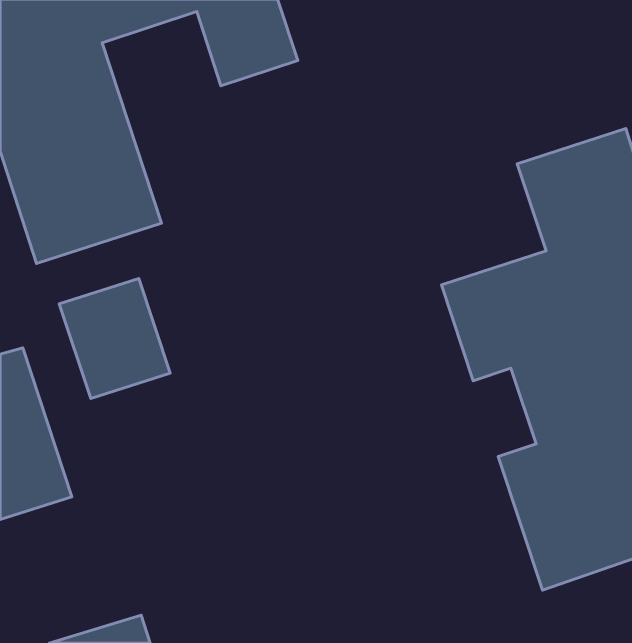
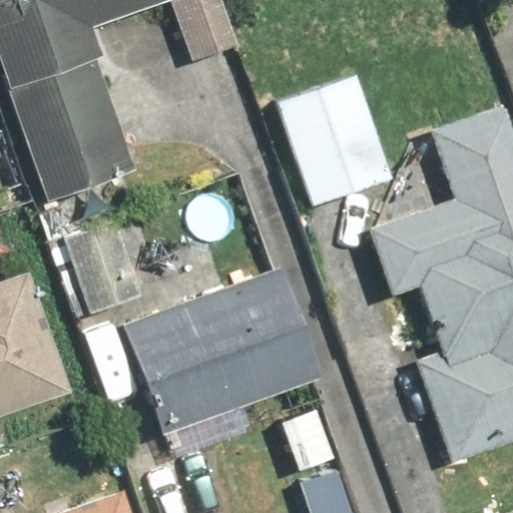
building: none -> [267,65,398,210]
building: none -> [128,266,326,430]

